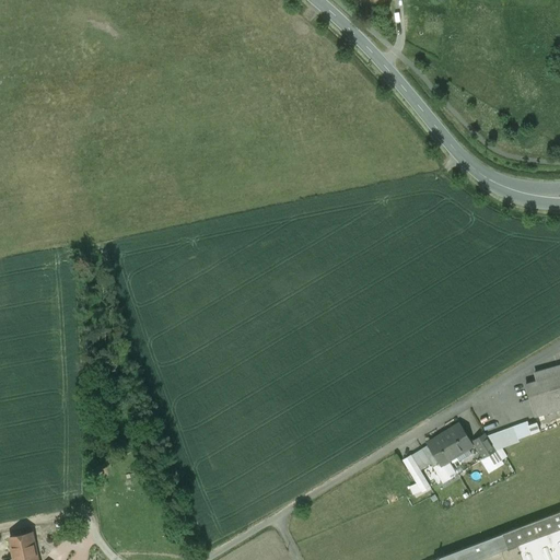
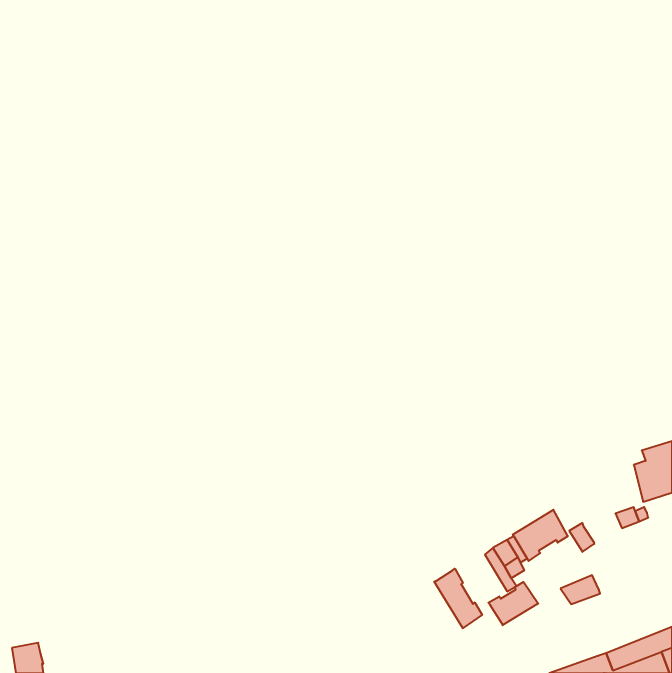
building: [485,427,517,451] -> [561,575,600,604]
building: none -> [434,569,482,628]
building: none -> [488,582,538,625]

